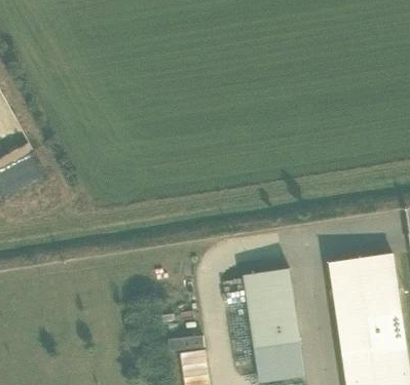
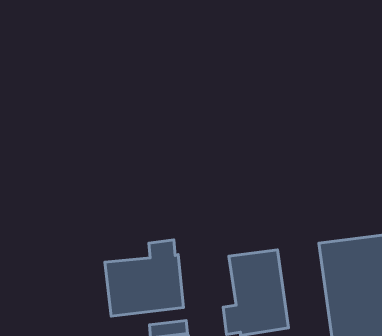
building: none -> [105,240,184,316]

